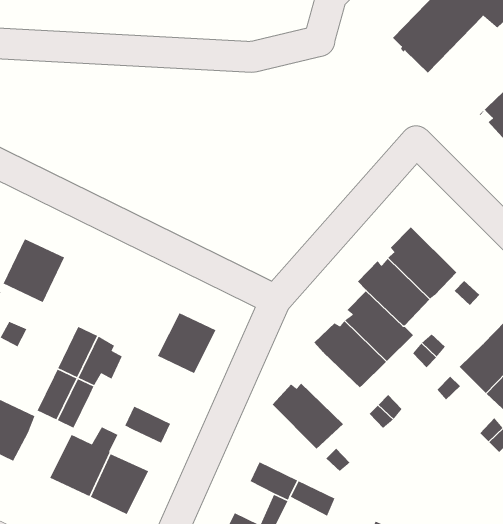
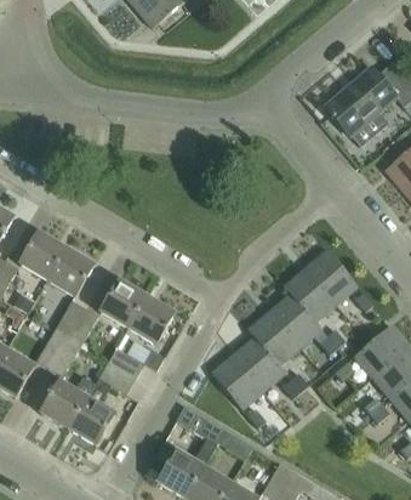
building: none -> [47,248,93,297]
building: none -> [99,278,148,328]
building: none -> [234,336,285,391]
building: none -> [108,346,164,379]

